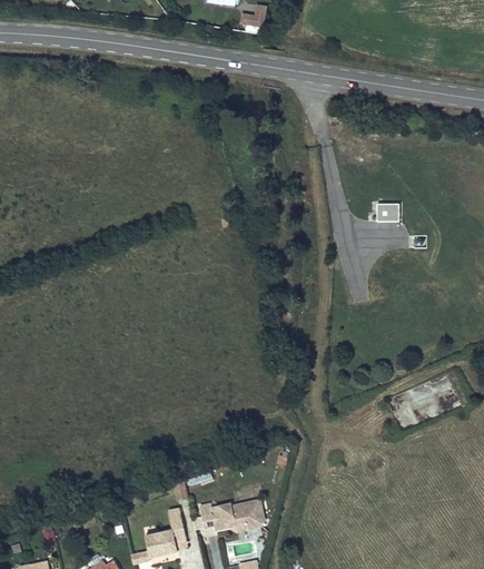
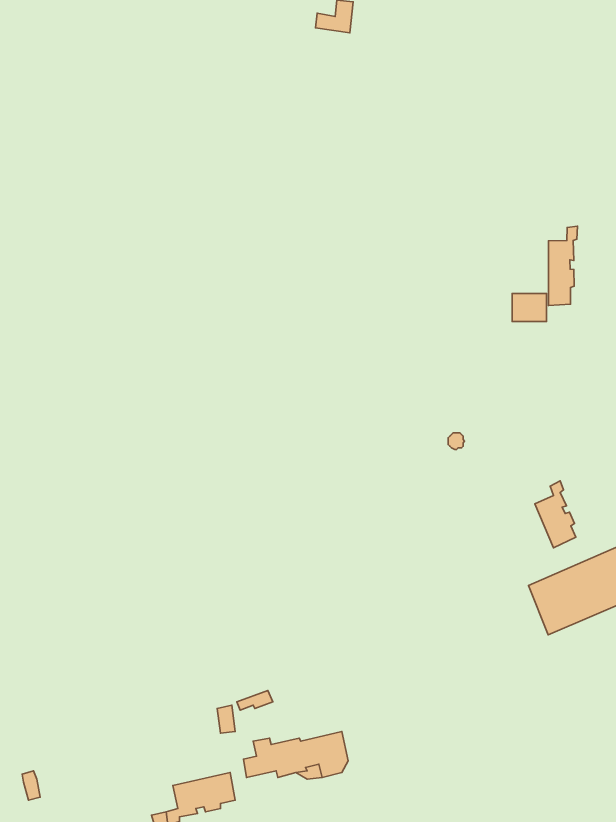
building: none -> [549,226,577,306]
building: none -> [535,481,576,548]

